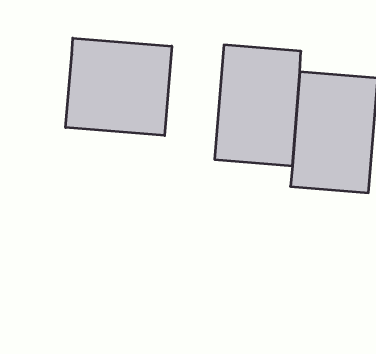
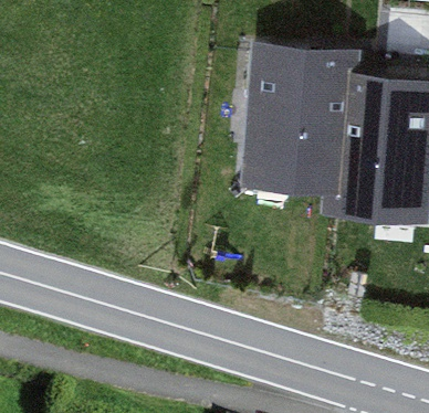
building: [66,38,172,136] -> none

